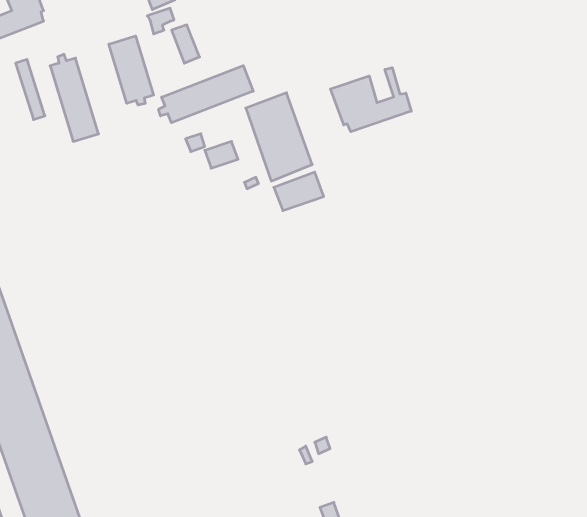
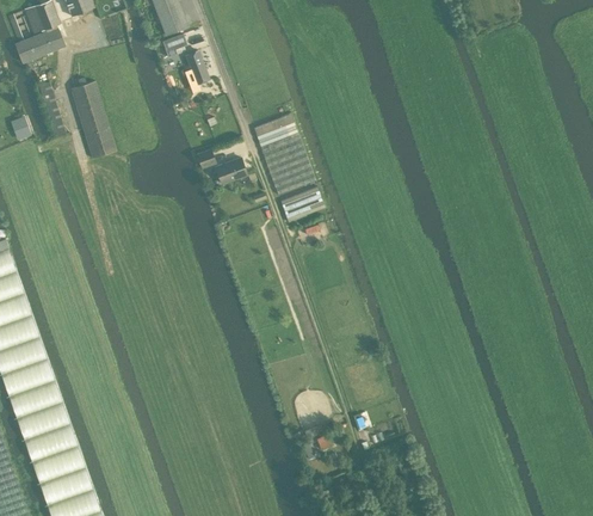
building: [109,36,154,105] -> none
building: [159,66,253,123] -> none
building: [330,68,411,132] -> none

